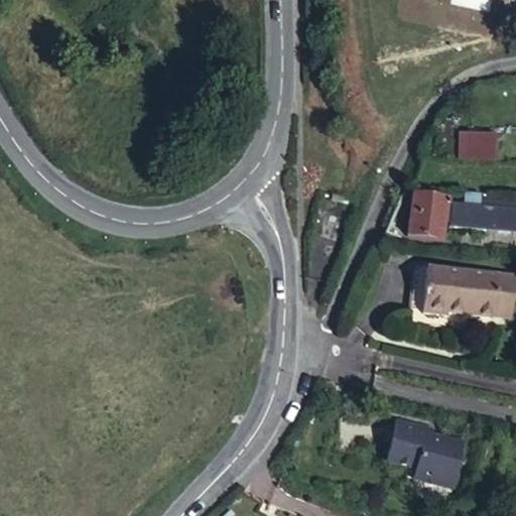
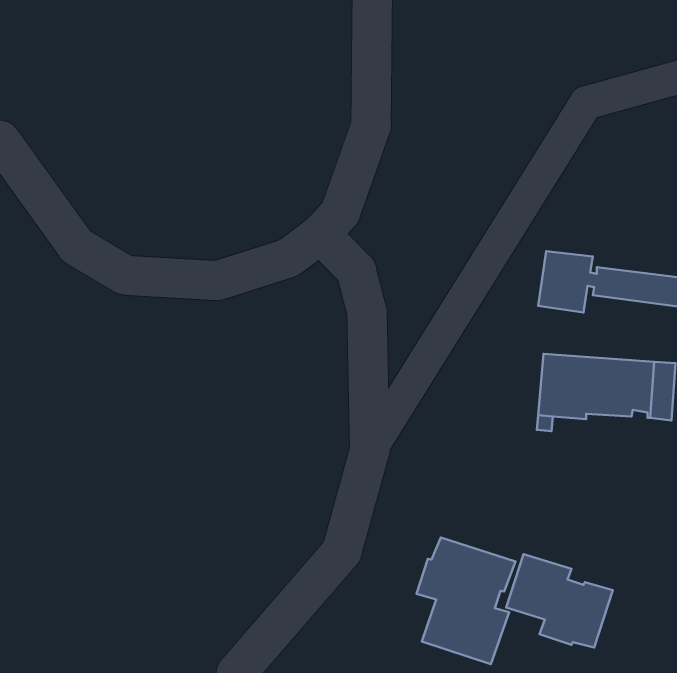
building: [461,129,499,157] -> none
building: none -> [417,537,515,664]

